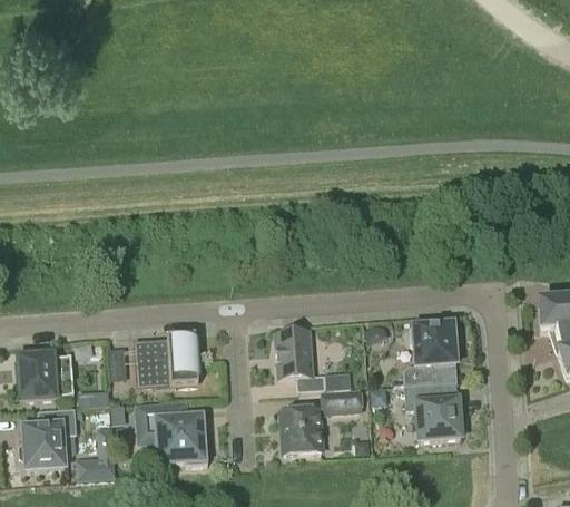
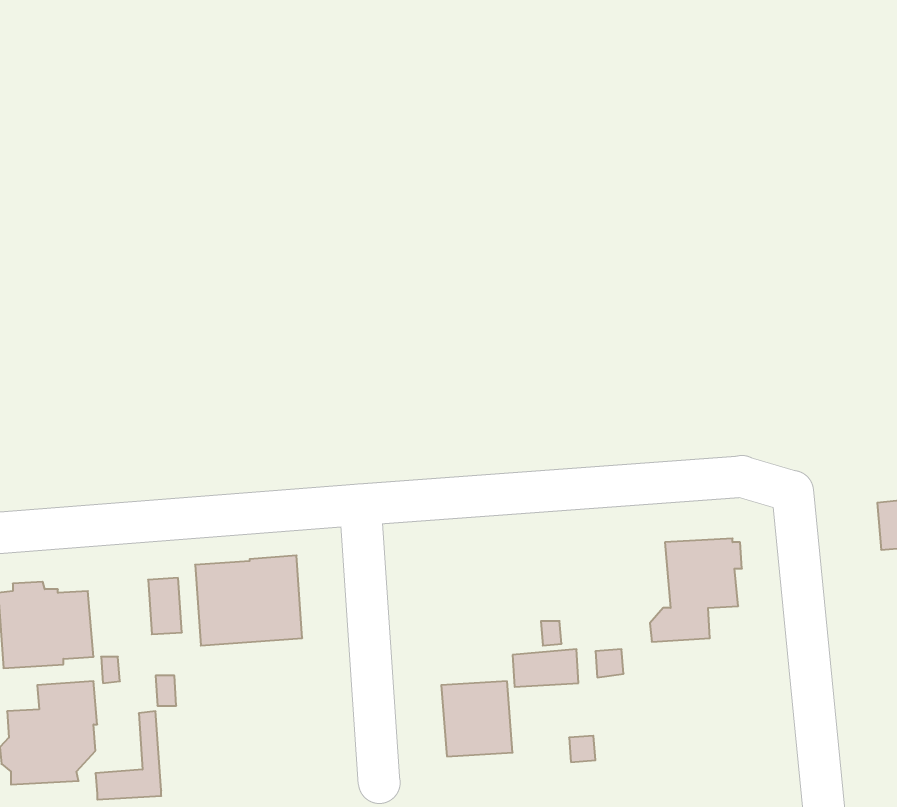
building: [276,330,325,389] -> none
building: [405,382,464,439] -> none
building: [138,408,208,465] -> none

